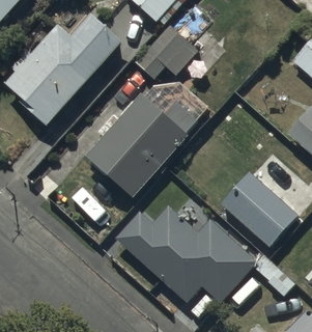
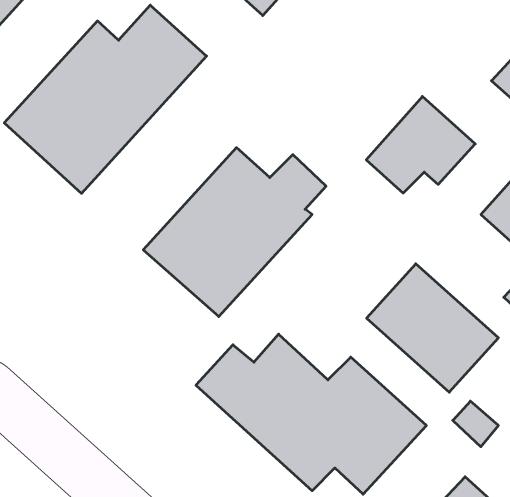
building: [135,23,199,80] -> [366,96,475,193]

